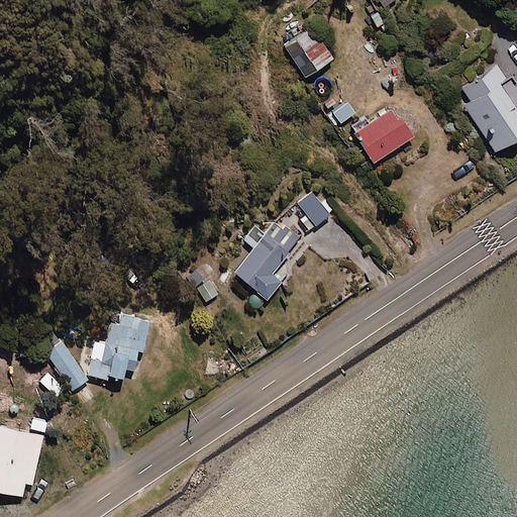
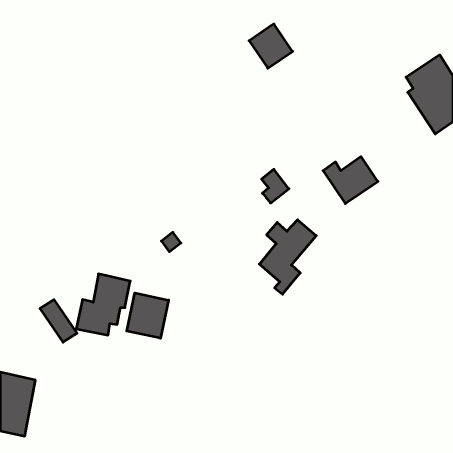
building: [348,109,411,163] -> [323,157,378,204]
building: [234,221,299,306] -> [259,220,316,294]
building: none -> [127,293,169,338]

